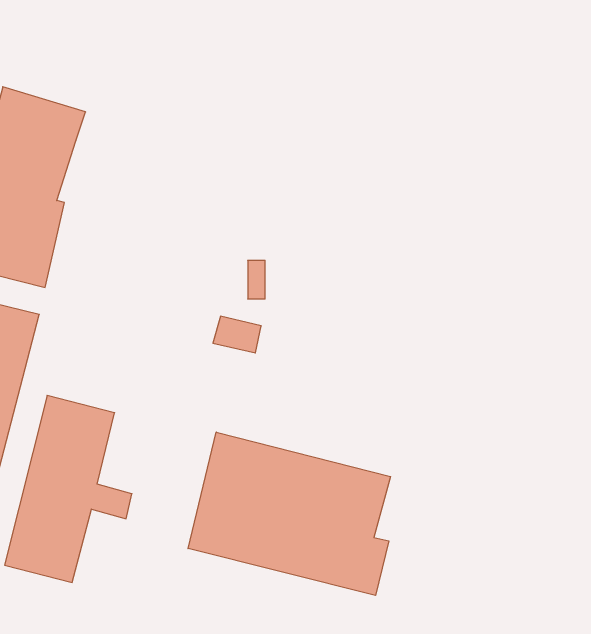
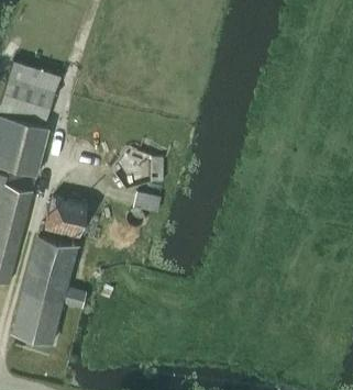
building: none -> [43,197,86,237]
building: [188,432,391,595] -> none

